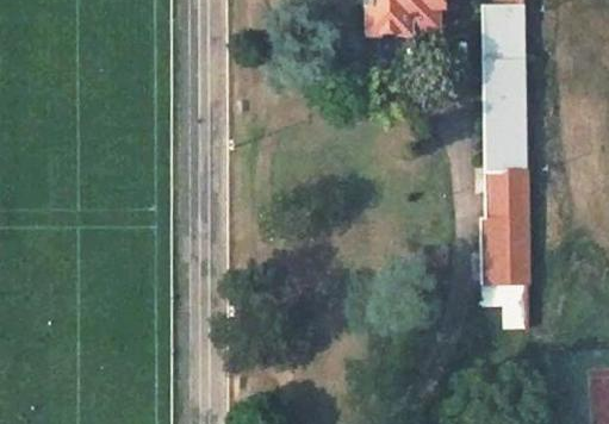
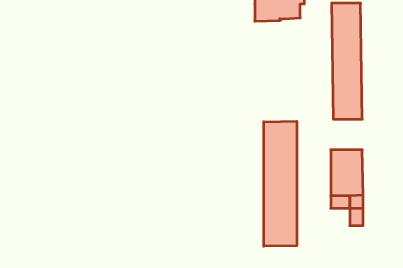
building: [485,173,527,217] -> none
building: none -> [264,121,297,246]

